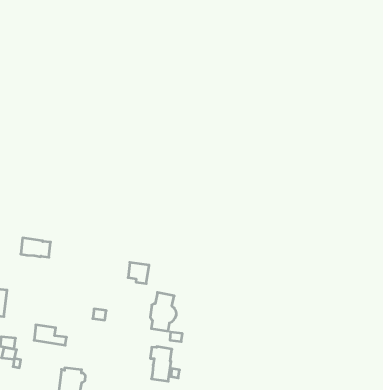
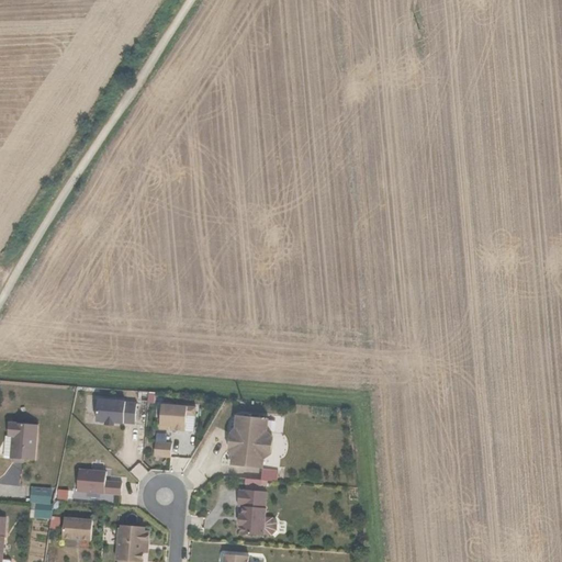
building: [21,238,51,257] -> [95,400,135,424]
building: [128,262,149,284] -> [159,404,187,431]
building: none -> [61,517,92,539]

